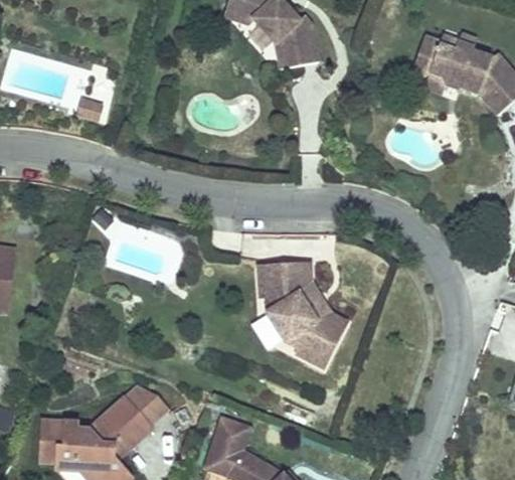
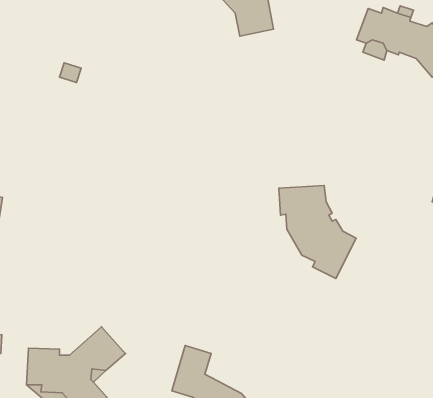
building: [260,263,347,367] -> [279,186,356,278]
building: [126,385,169,427] -> none

